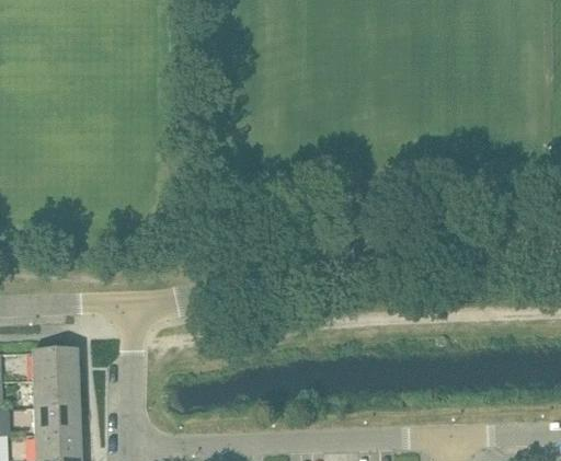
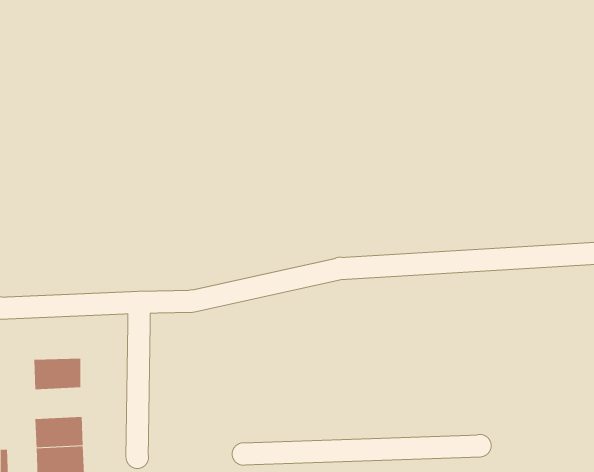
building: [33,377,78,406] -> none

